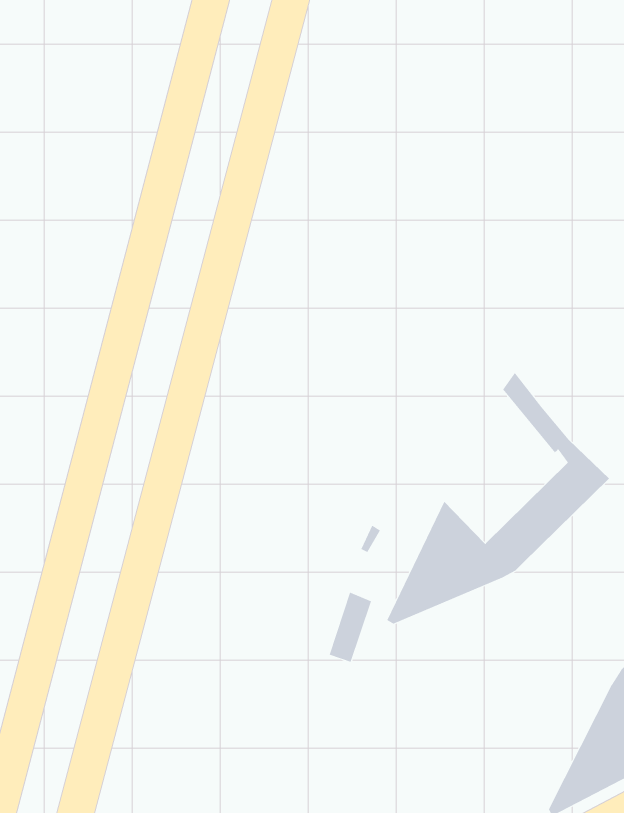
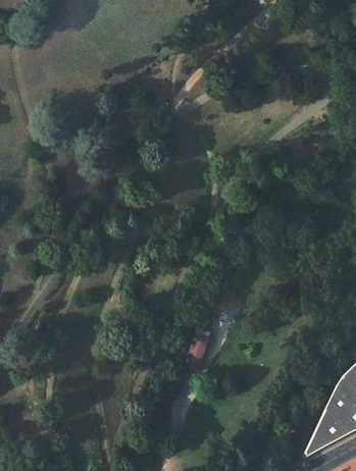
building: [386,372,610,624] -> none

